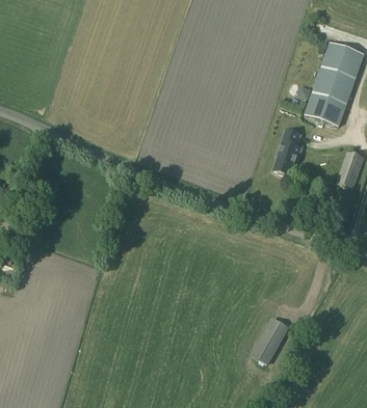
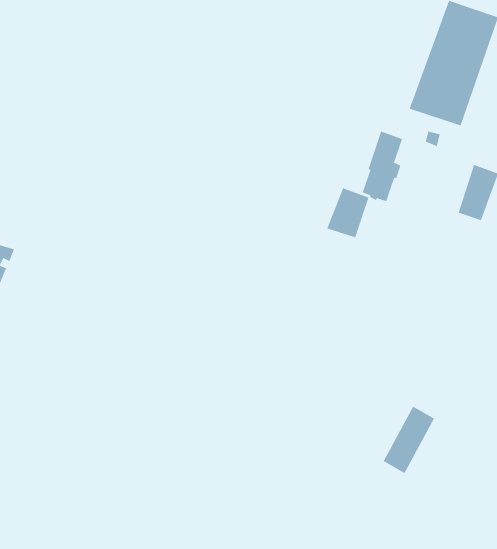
building: none -> [327,188,369,238]
building: [253,319,287,363] -> [383,406,435,474]

